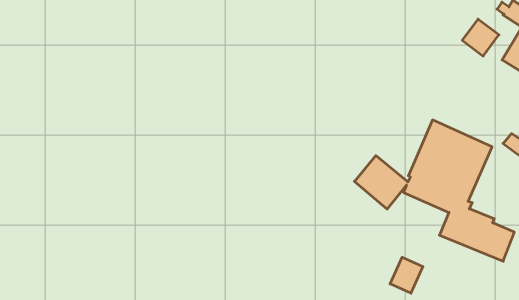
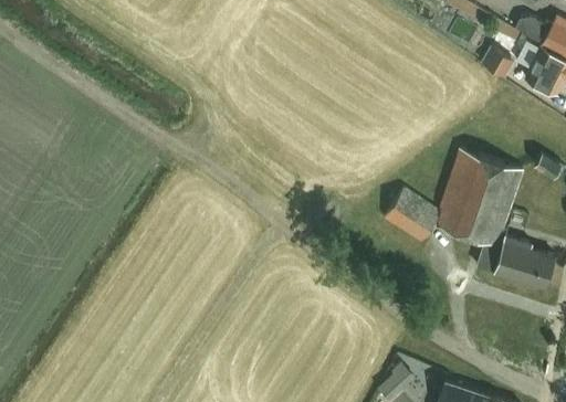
building: [390,257,423,293] -> none

